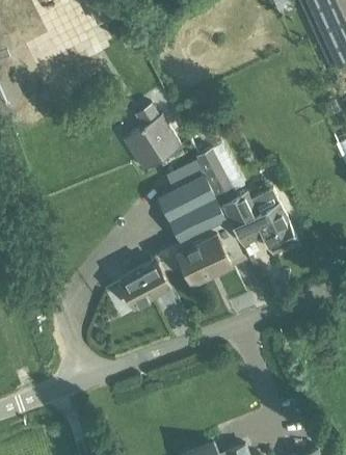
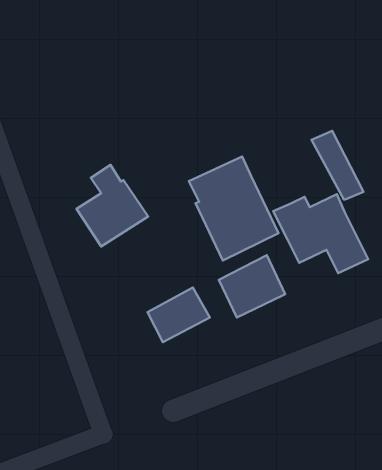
building: [125,105,182,170] -> [77,165,148,246]
building: [195,149,237,204] -> [311,131,363,200]

